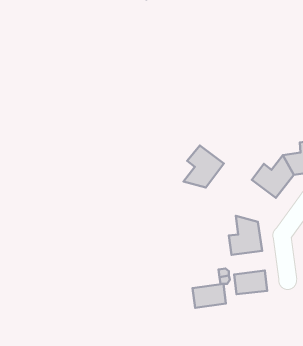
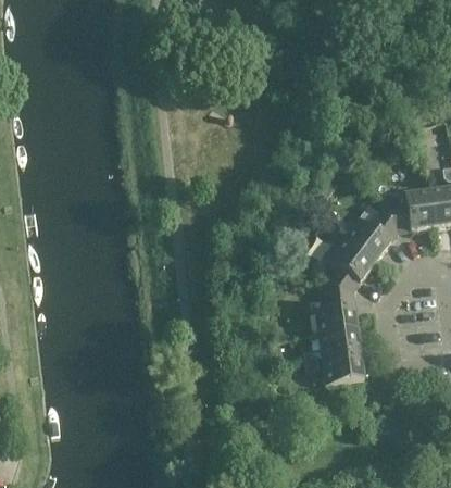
building: [184,146,224,187] -> [325,237,376,290]
building: [193,284,226,308] -> [320,327,362,358]

